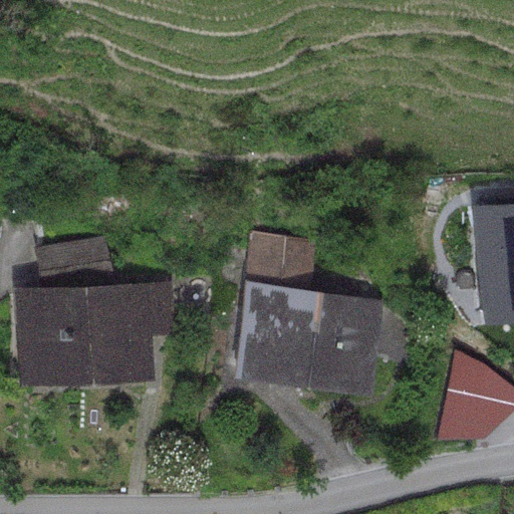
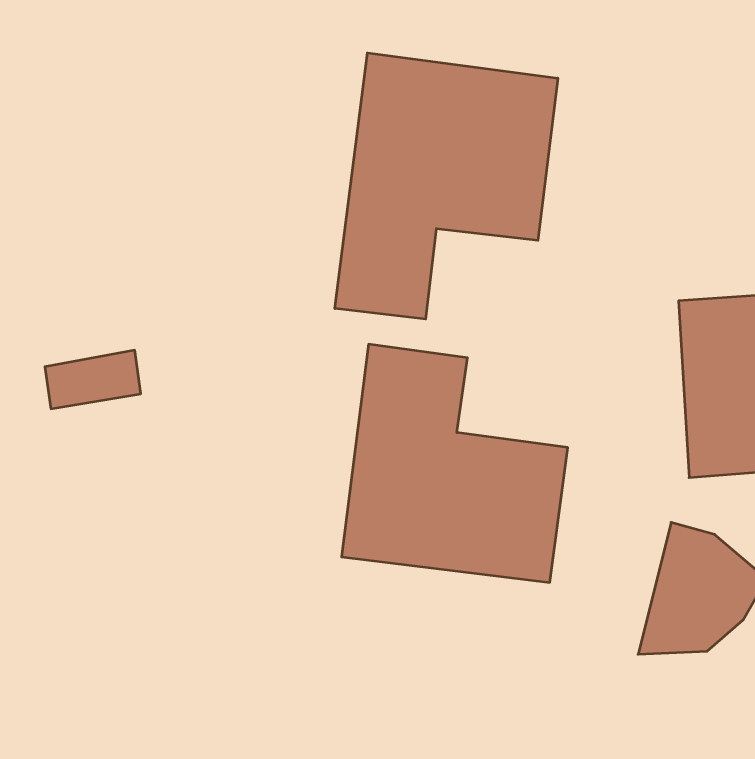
building: none -> [335,53,558,319]
building: [18,281,181,386] -> none

